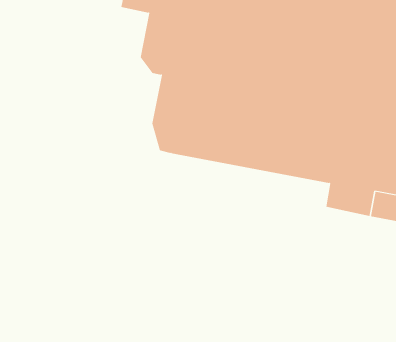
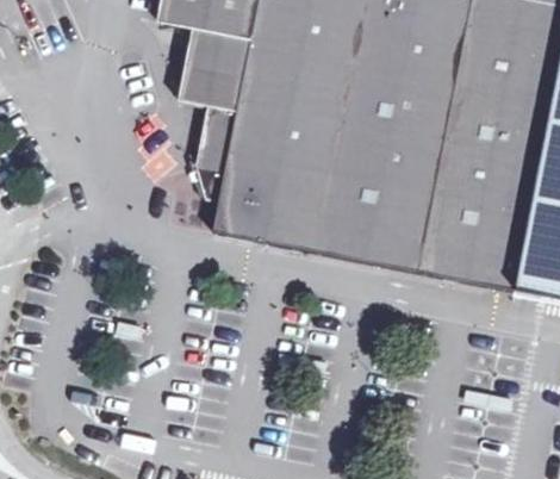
building: none -> [218,200,419,266]

